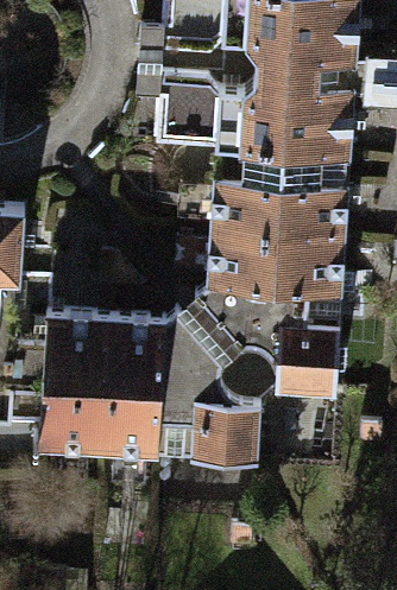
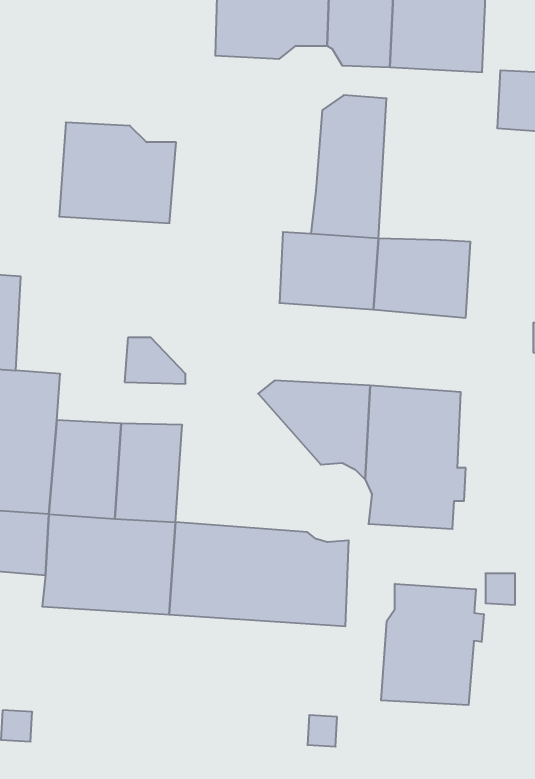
building: [156,78,240,151] -> [59,122,176,223]
building: [281,84,354,186] -> none
building: [206,231,344,296] -> none
building: [134,312,229,396] -> none
building: none -> [381,584,484,705]

